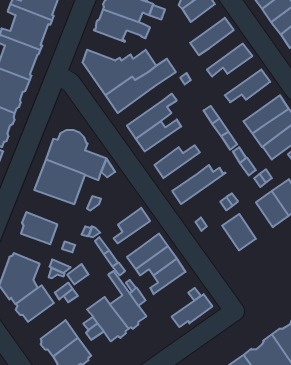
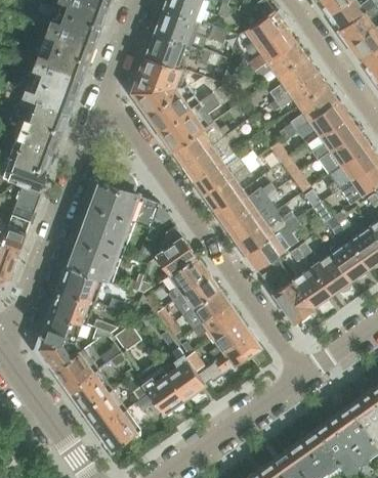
building: none -> [249,27,295,71]
building: none -> [136,56,180,91]
building: none -> [268,56,316,101]
building: none -> [290,86,337,131]
building: none -> [310,116,359,161]
building: none -> [172,122,223,166]
building: none -> [203,167,251,211]
building: none -> [224,197,271,241]
building: none -> [245,220,301,271]
building: none -> [157,226,197,275]
building: none -> [67,240,122,284]
building: none -> [311,254,350,296]
building: none -> [172,275,219,316]
building: none -> [272,280,312,324]
building: none -> [52,290,94,325]
building: [172,294,212,327] -> [213,334,260,372]
building: none -> [69,370,112,410]

